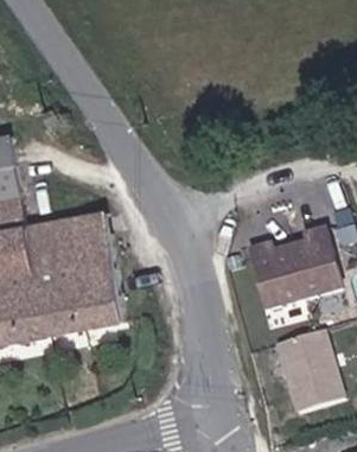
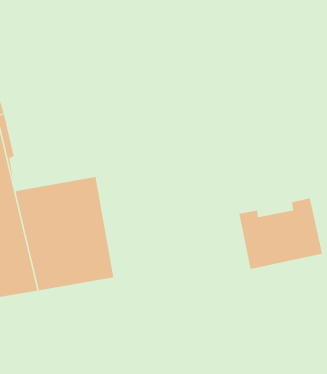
building: [276,335,337,414] -> none

